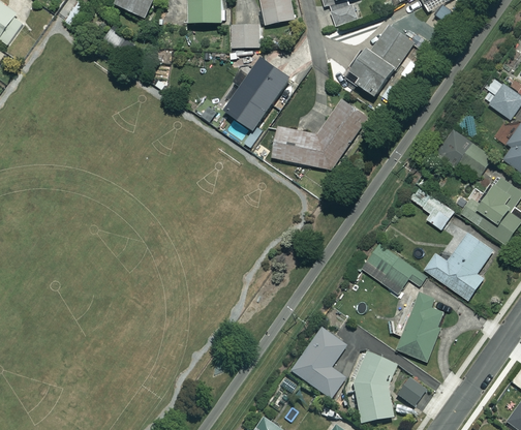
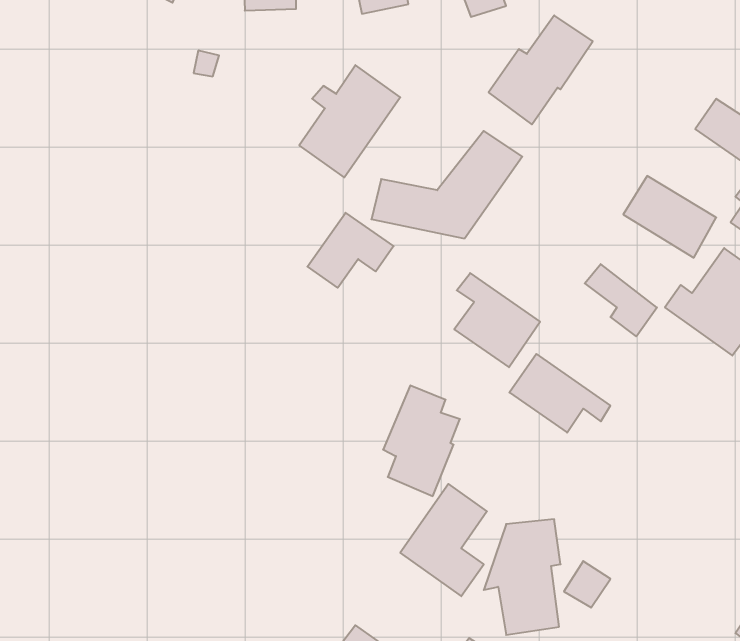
building: [232,24,258,47] -> none
building: none -> [307,213,394,288]
building: none -> [454,273,540,367]
building: [423,233,492,300] -> none
building: [393,289,442,361] -> [383,385,460,496]

